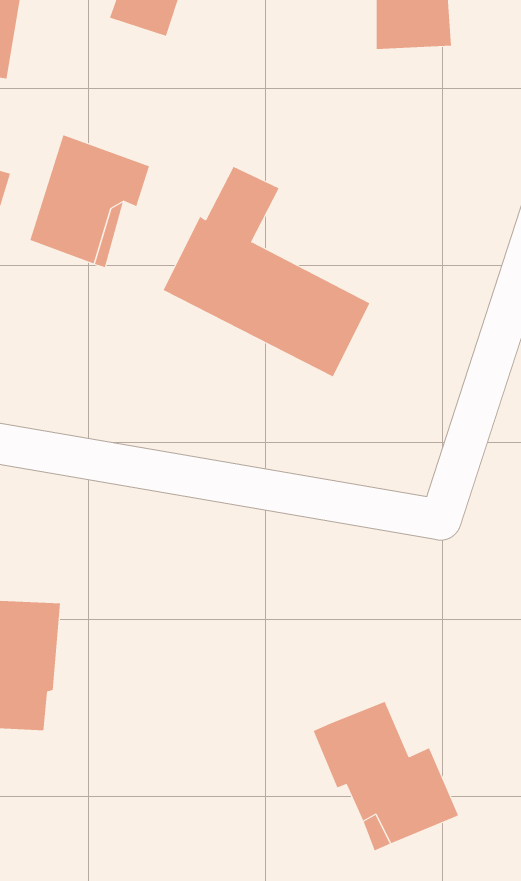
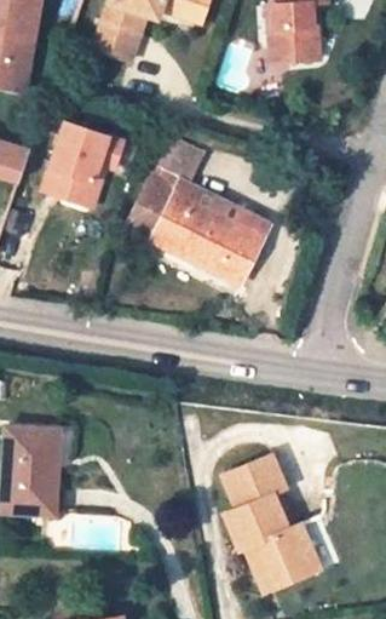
building: none -> [224,454,286,508]

